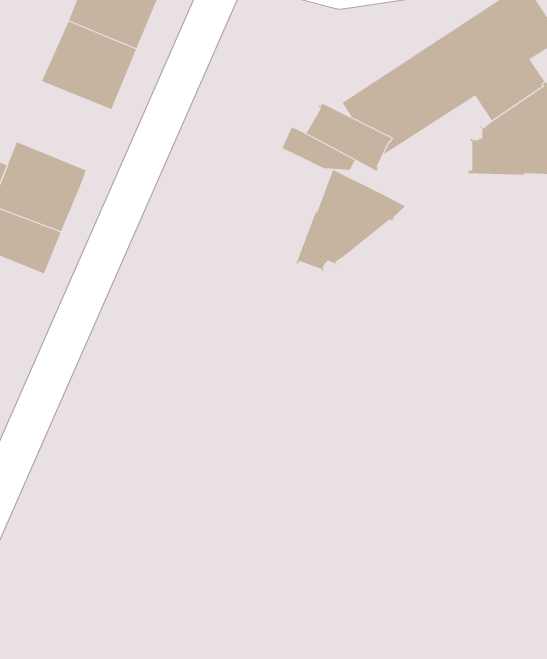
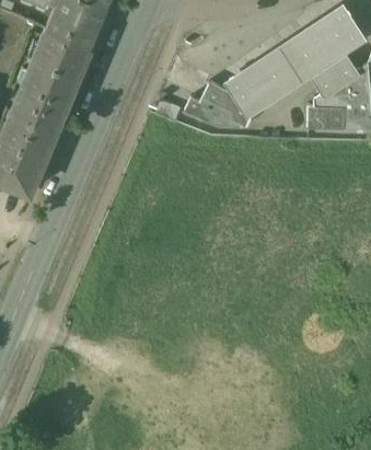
building: none -> [12,69,74,127]
building: [296,169,406,272] -> none

